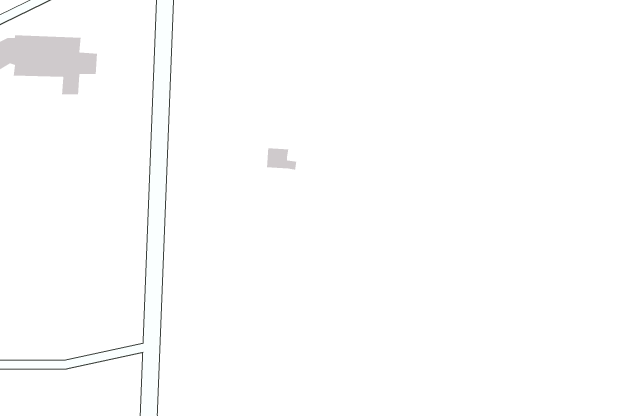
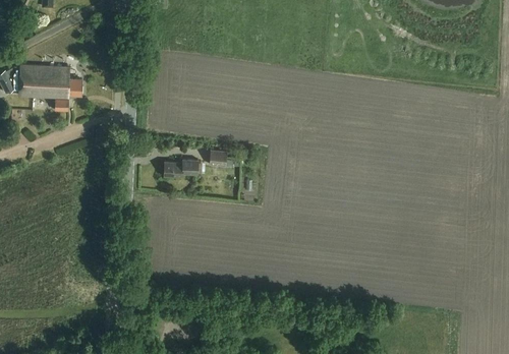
building: none -> [163,159,197,176]

